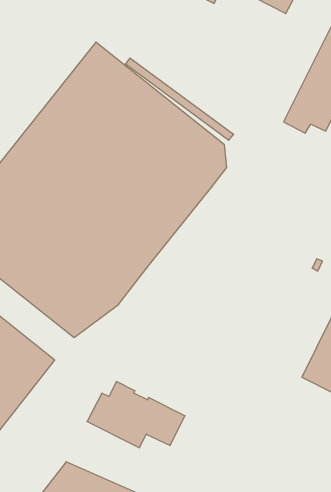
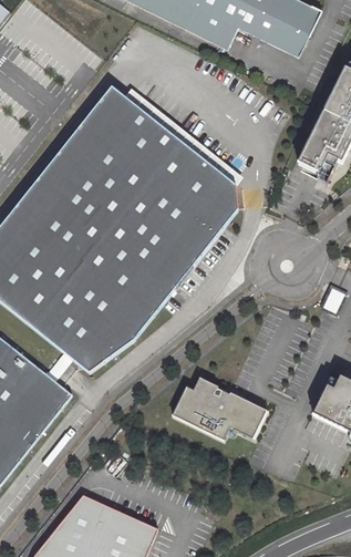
building: [87,382,185,448] -> [169,377,265,441]

